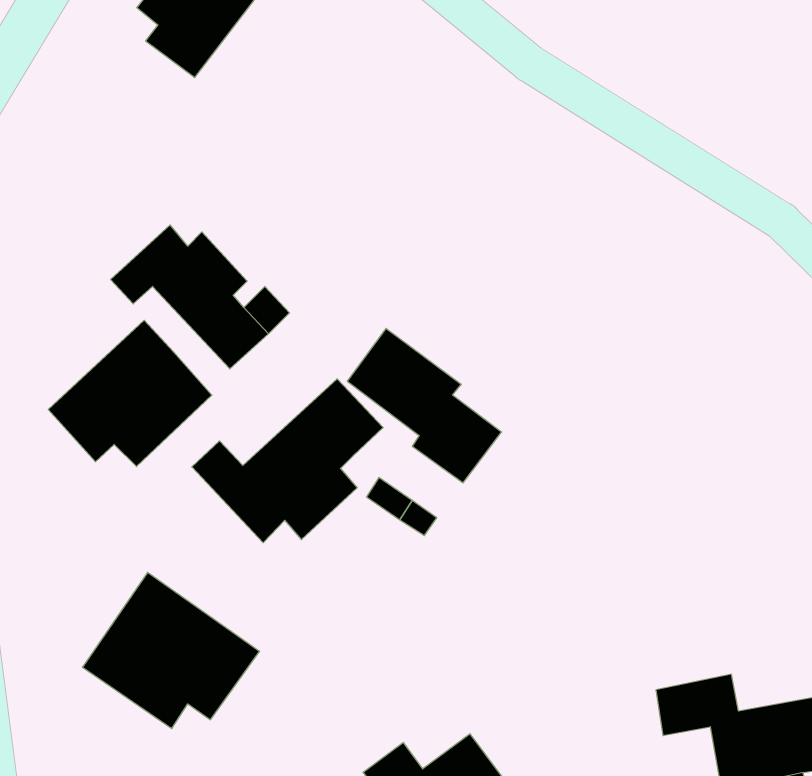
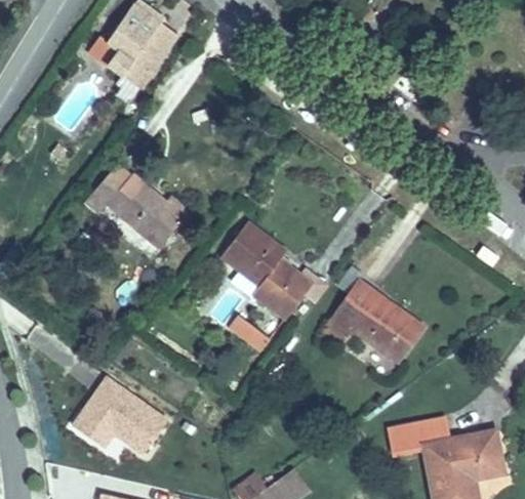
building: [48,320,212,467] -> none
building: [192,379,383,543] -> none
building: none -> [328,285,422,356]

